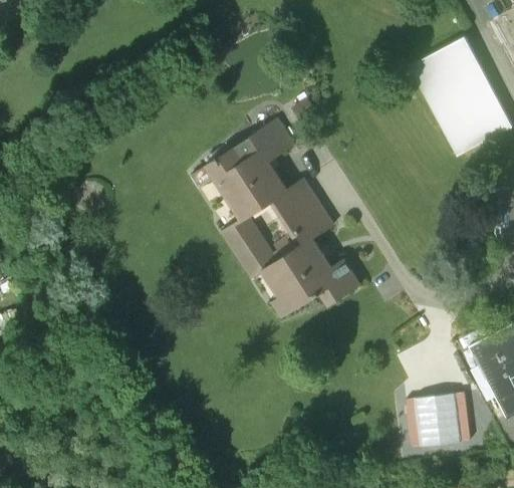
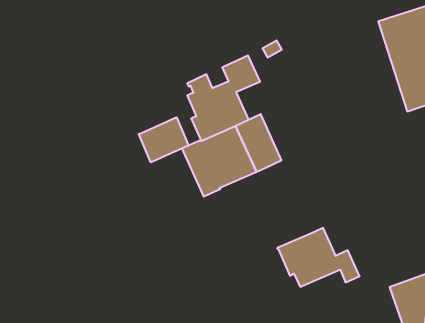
building: none -> [139,117,189,162]
building: [268,239,361,306] -> [277,228,360,287]

